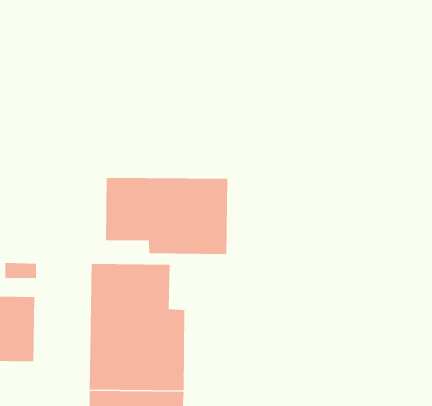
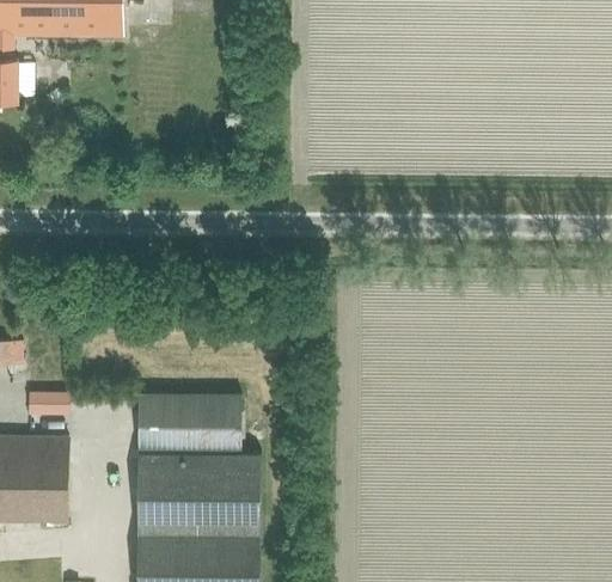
building: [105,177,228,255] -> none

